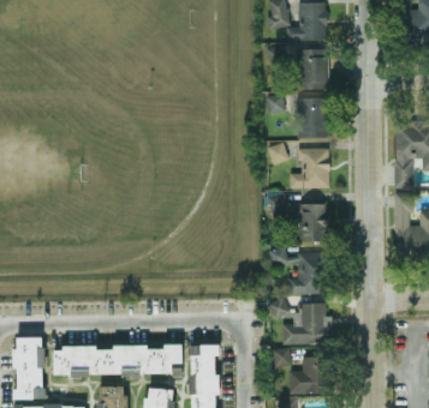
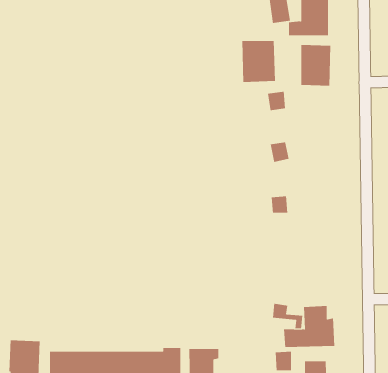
building: [296,97,329,138] -> [241,41,276,82]
building: [290,148,329,187] -> none
building: [297,203,328,241] -> none
building: [270,248,324,294] -> none

